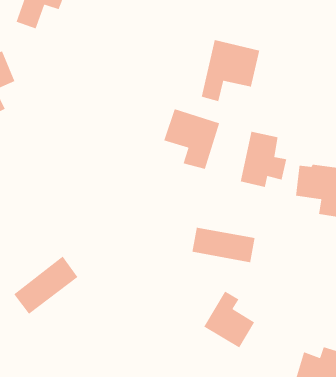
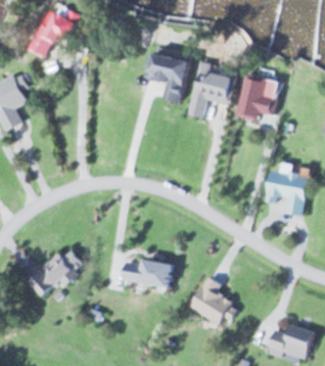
building: [163,108,220,170] -> [147,49,195,101]
building: [240,131,287,188] -> [236,73,276,121]
building: [191,227,256,263] -> [121,257,175,287]

